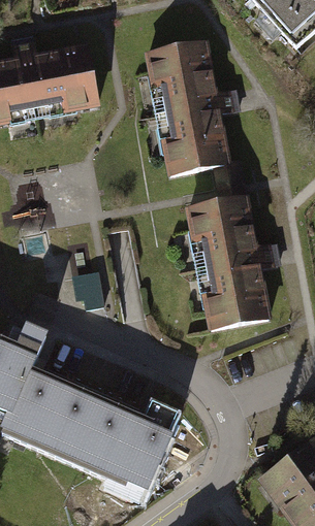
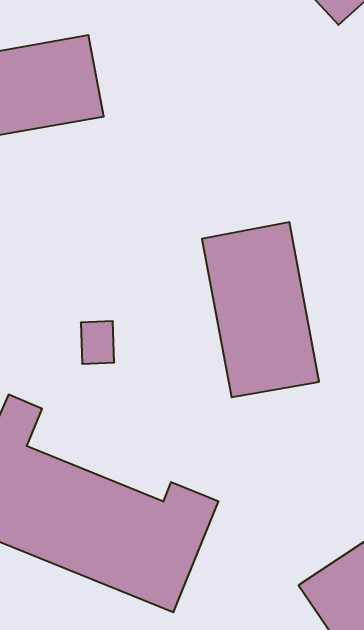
building: [137,33,232,173] -> none

